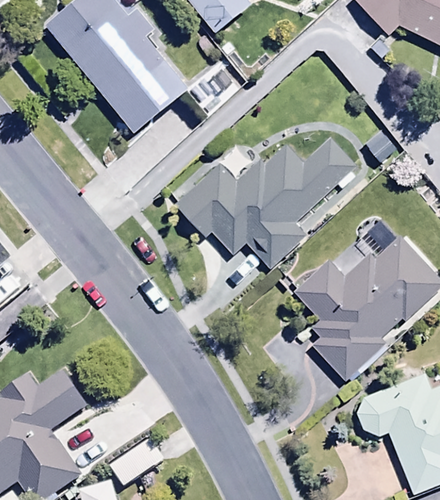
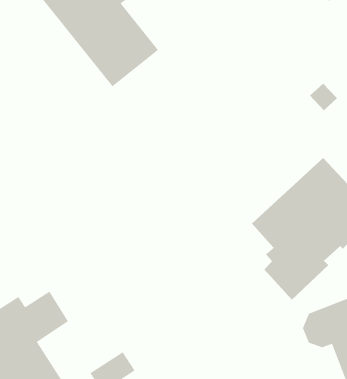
building: [176,138,356,268] -> none

